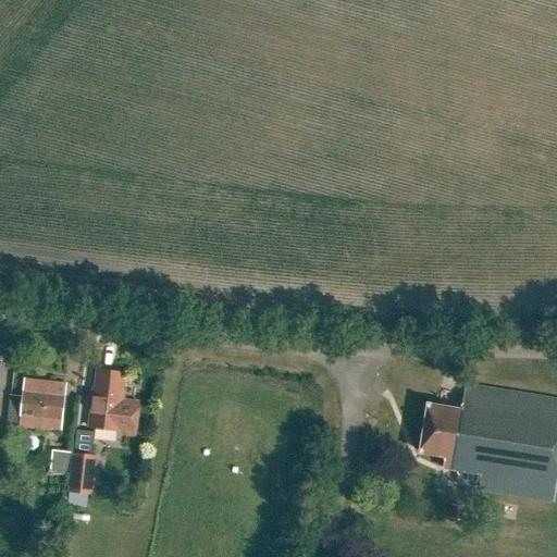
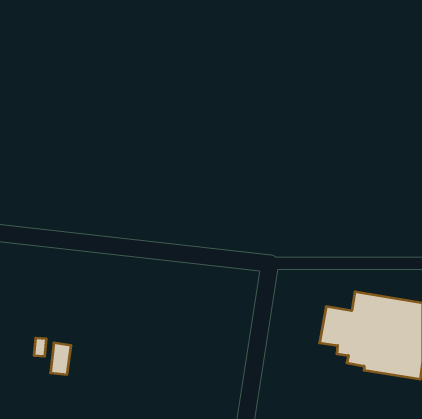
building: [90,368,139,433] -> none
building: [7,376,66,429] -> none

